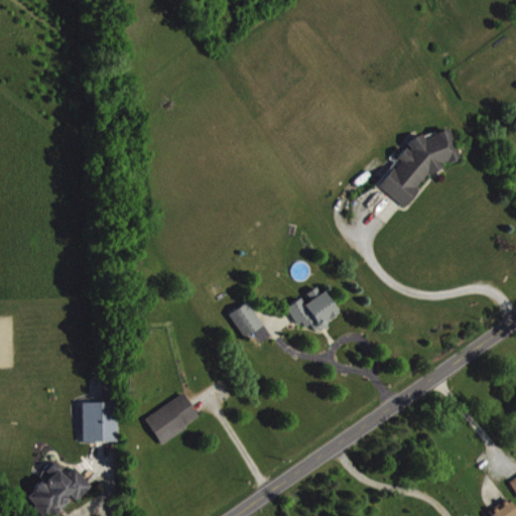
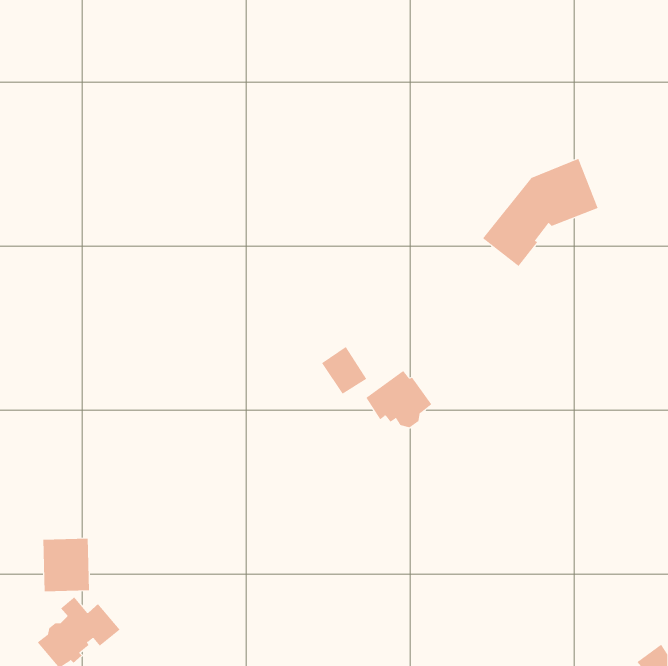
building: [223,301,258,339] -> [321,346,367,395]
building: [146,394,202,444] -> none
building: [84,402,120,443] -> [43,538,90,592]

